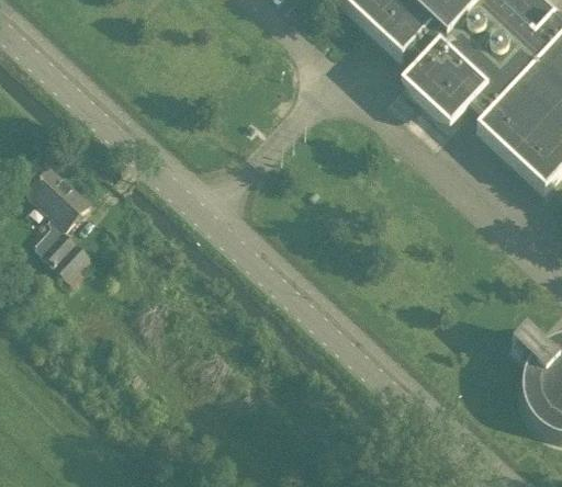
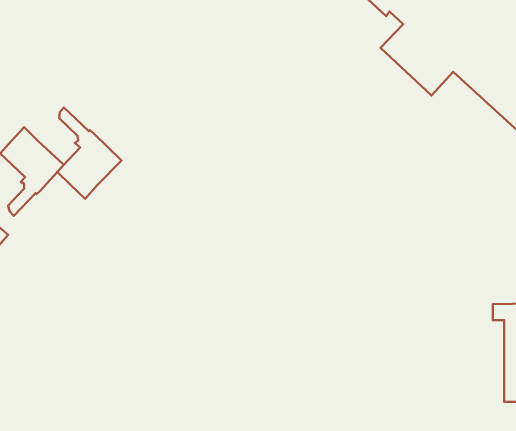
building: none -> [57,108,121,199]
building: [45,227,91,273] -> none

